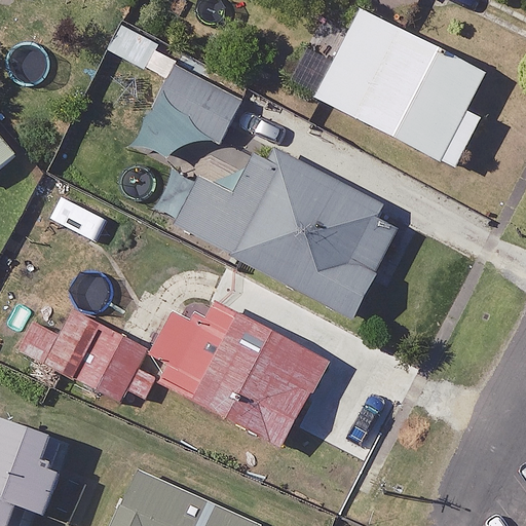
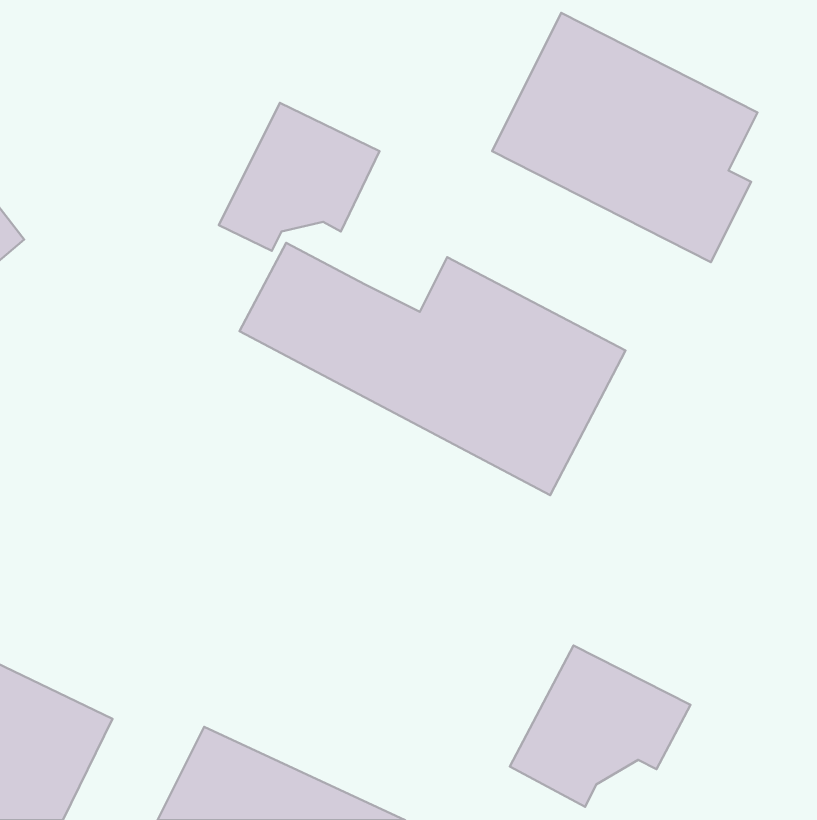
building: [146,299,328,446] -> none
building: [18,312,145,400] -> none
building: none -> [510,646,690,807]

